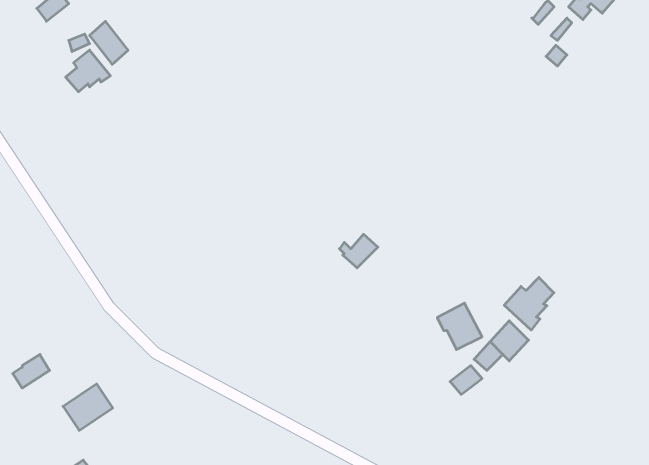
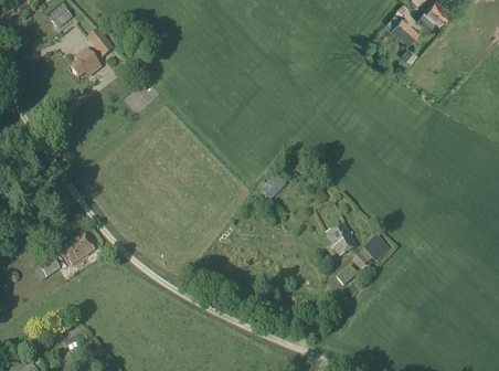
building: [504,277,554,330] -> none
building: [63,384,113,430] -> [61,231,95,263]

